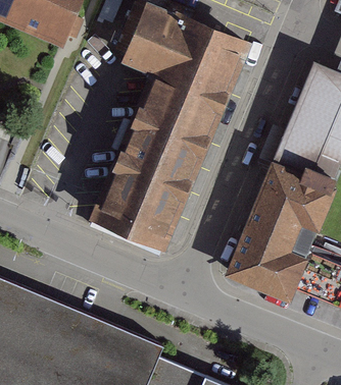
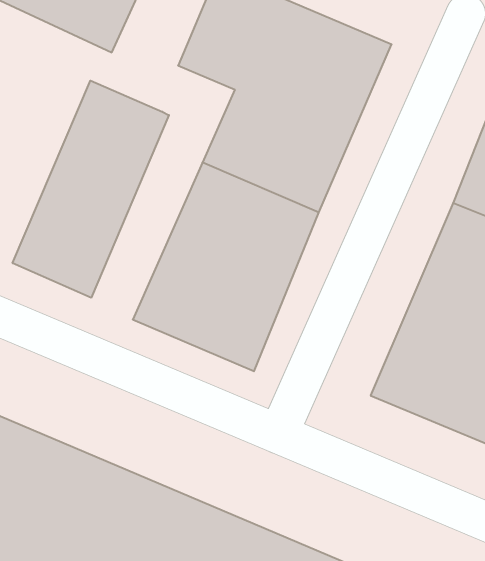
building: none -> [13,81,169,298]

